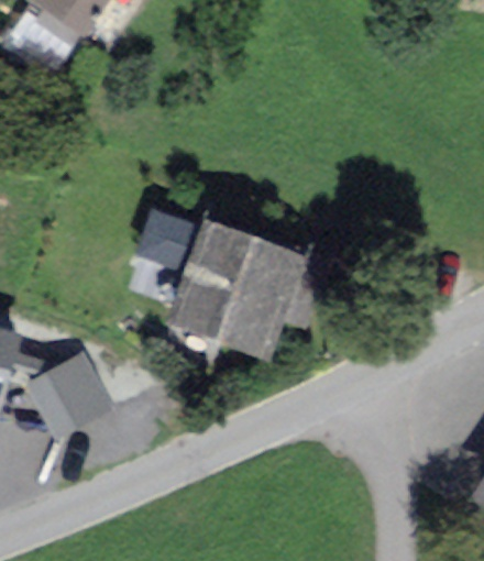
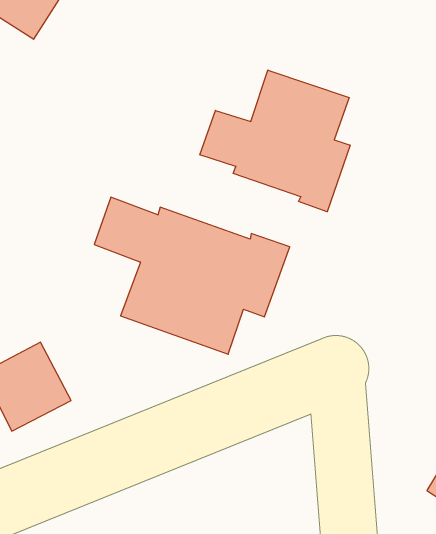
building: none -> [200,70,350,212]

